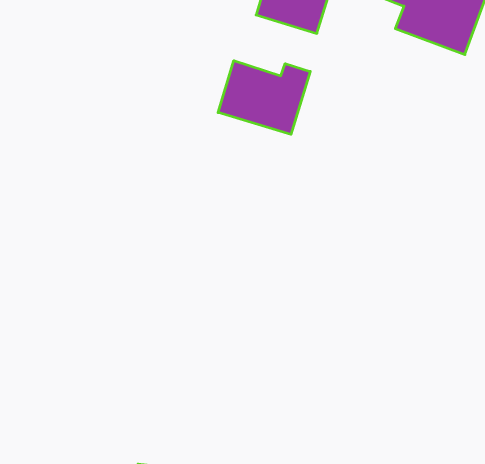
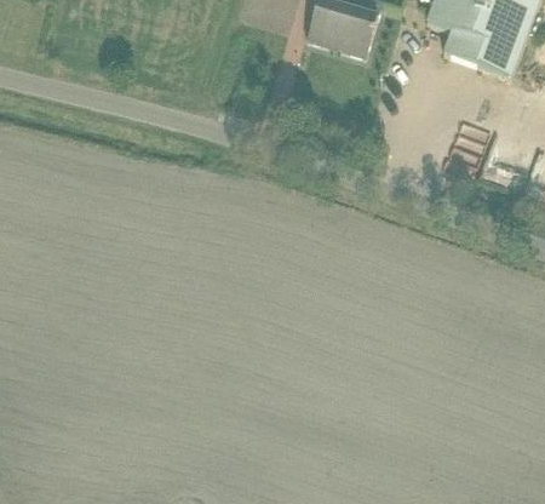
building: [218,61,310,134] -> none

